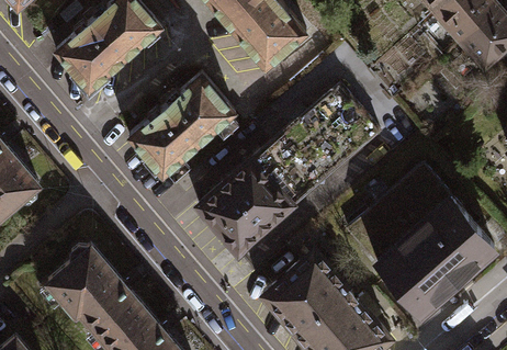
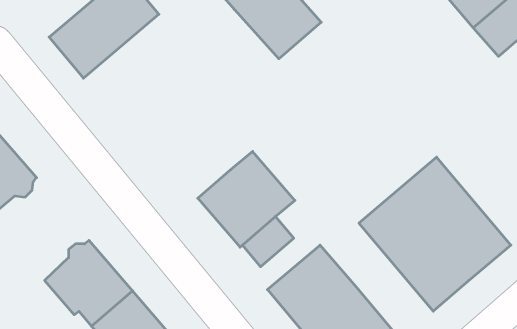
building: [127,74,232,172] -> none
building: [247,84,376,207] -> none

